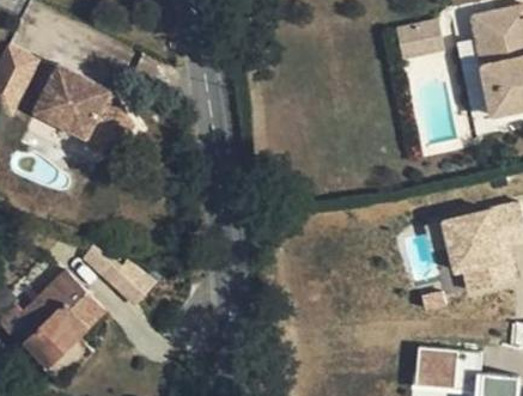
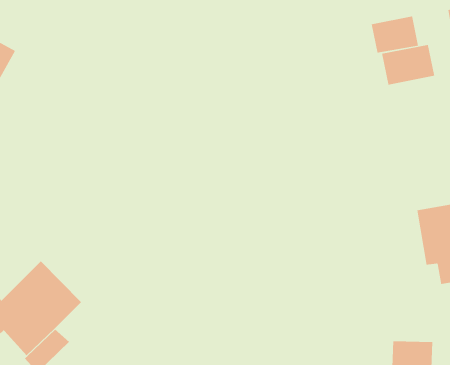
building: none -> [382,44,435,86]
building: [38,61,134,150] -> none
building: [83,245,153,305] -> none

